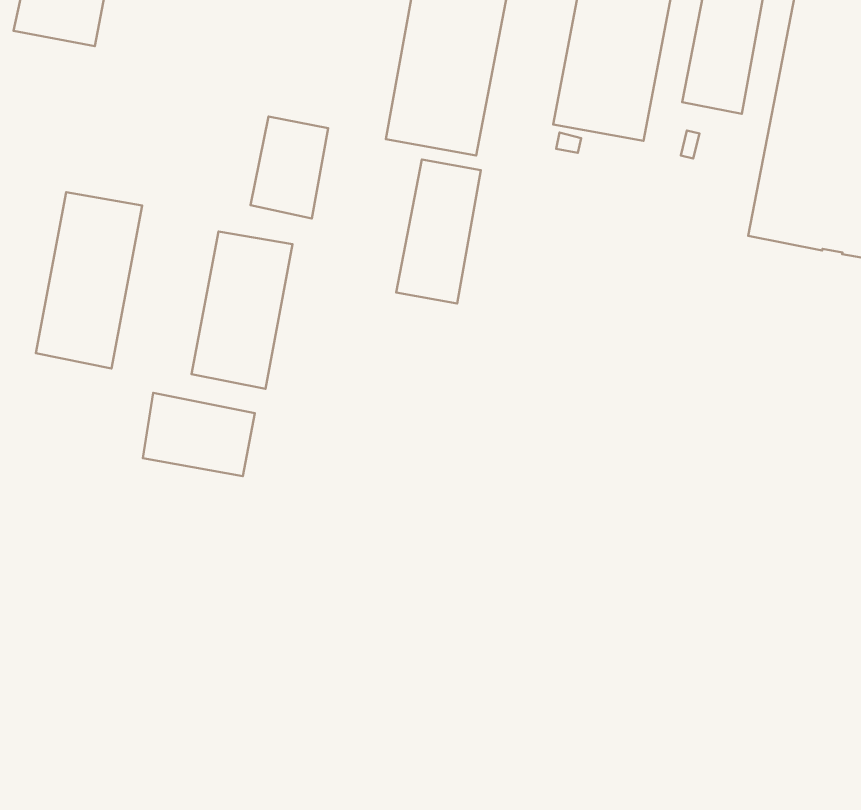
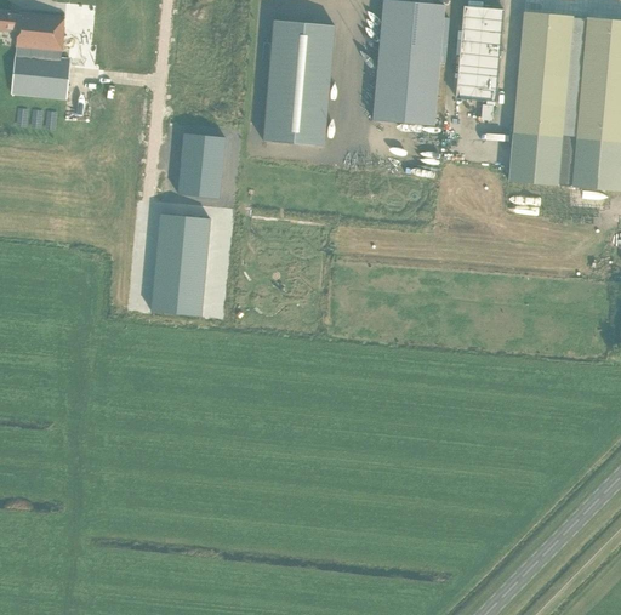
building: [396,160,481,304] -> none
building: [36,192,142,369] -> none
building: [143,393,255,476] -> none

